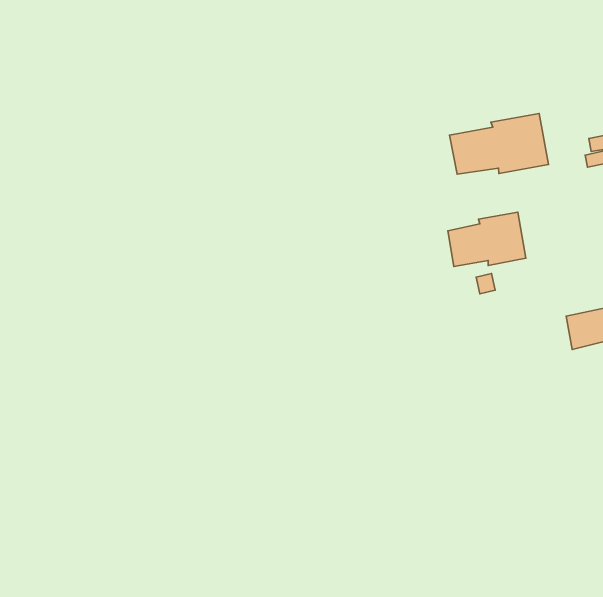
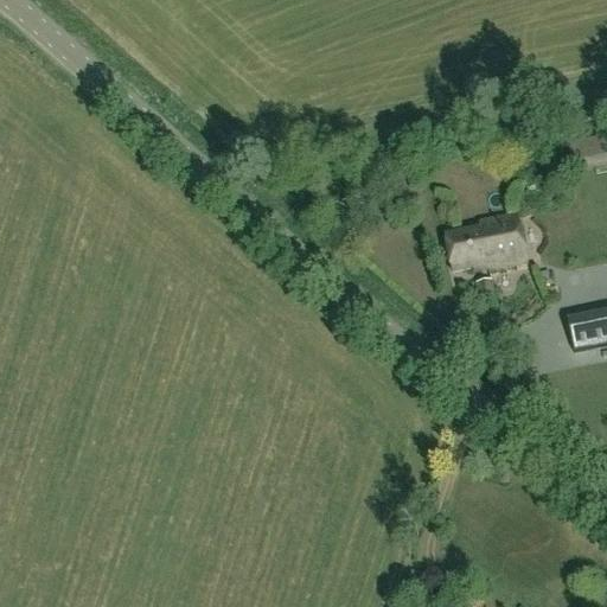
building: [449,114,549,174] -> none

